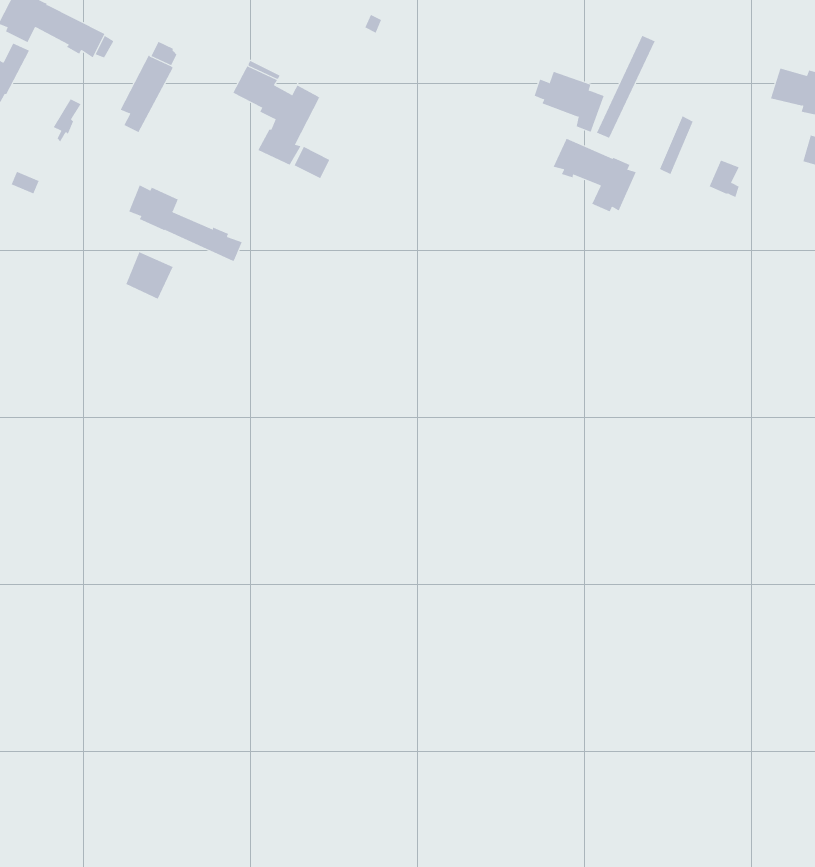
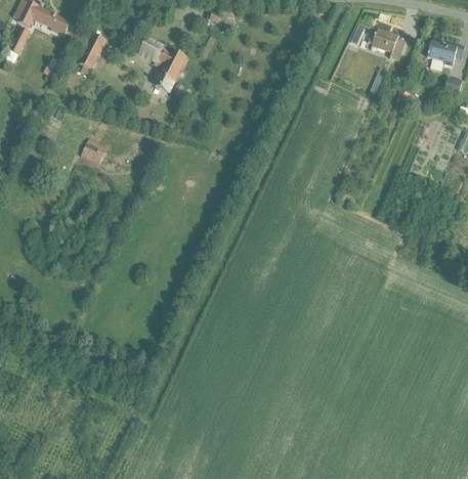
building: [534,71,605,132] -> [368,28,406,60]
building: [553,135,636,212] -> none
building: [129,184,243,264] -> none

